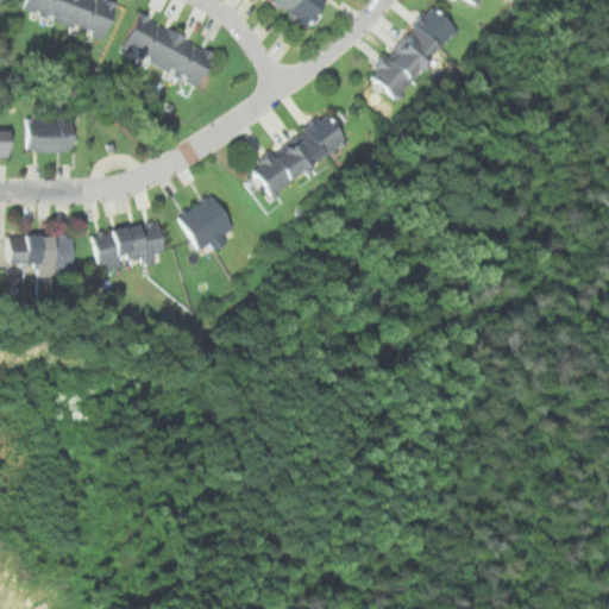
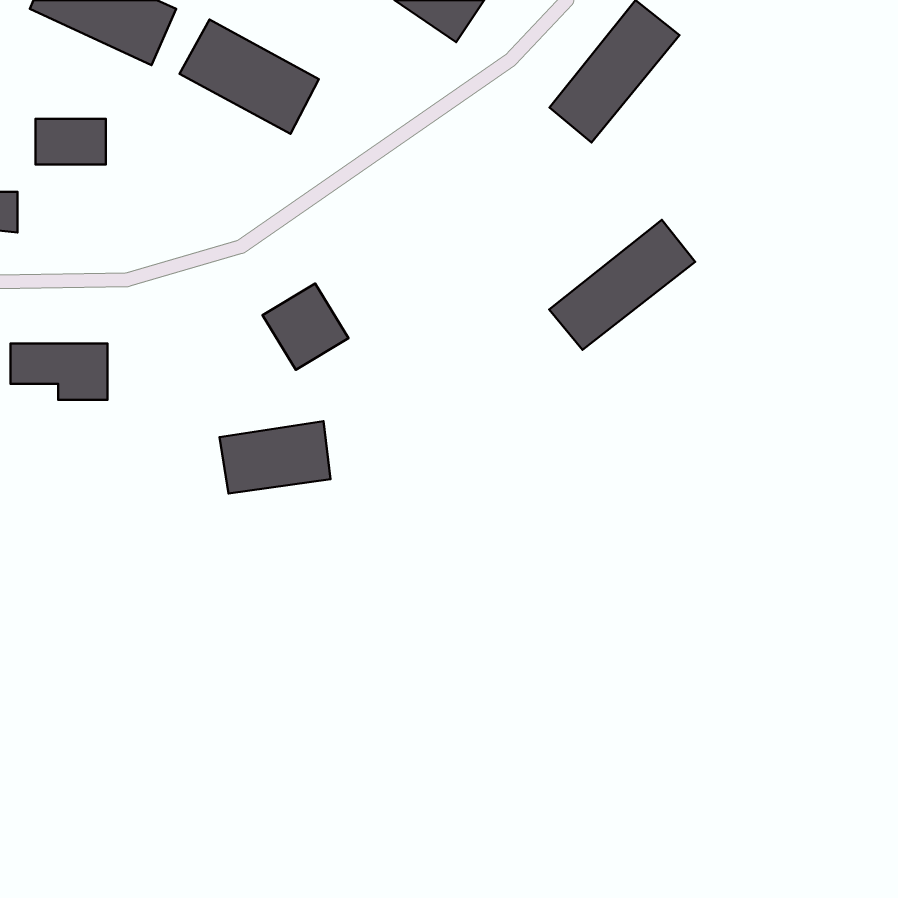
building: [247,109,346,197] -> [549,220,695,350]
building: [26,121,74,152] -> [35,119,106,164]
building: [90,220,165,269] -> [220,421,331,493]

